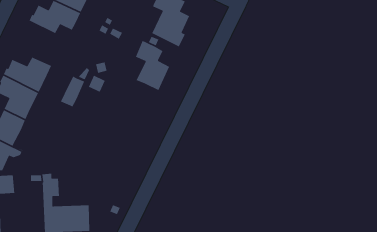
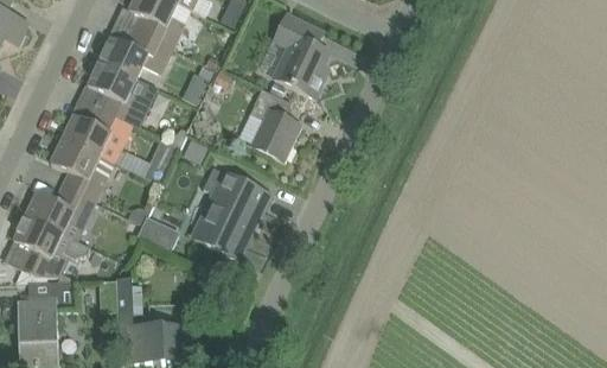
building: none -> [87,59,152,123]
building: none -> [193,166,268,258]
building: none -> [136,214,179,247]

